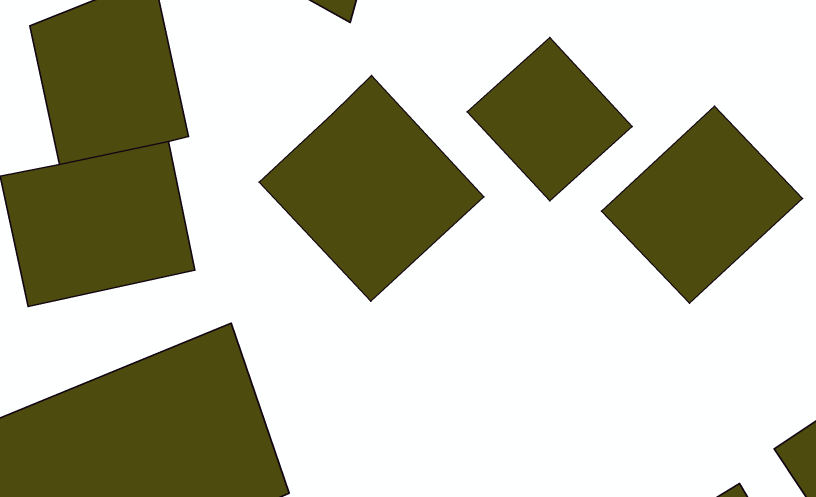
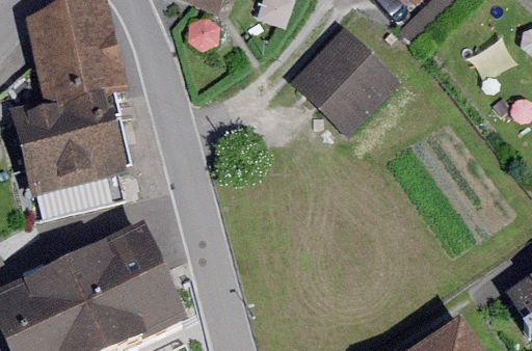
building: [259,76,484,301] -> none
building: [602,106,803,303] -> none

